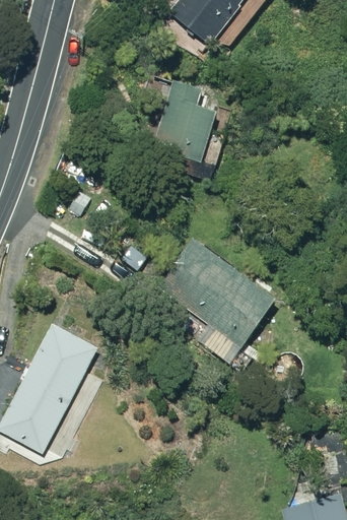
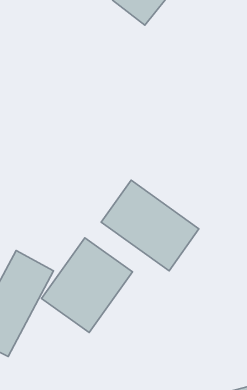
building: [149,76,224,176] -> none
building: none -> [42,238,132,333]

